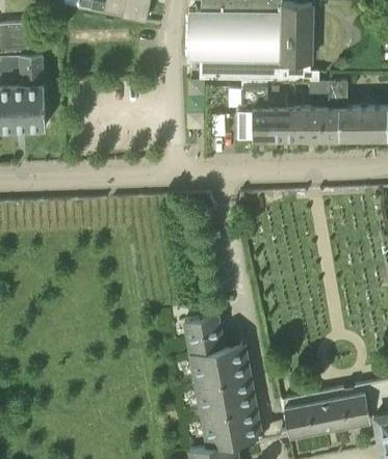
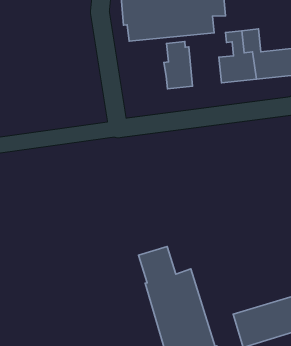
building: [265,92,299,138] -> none

